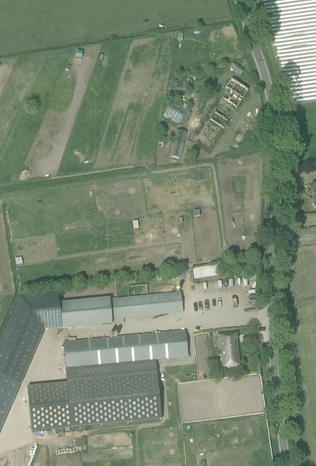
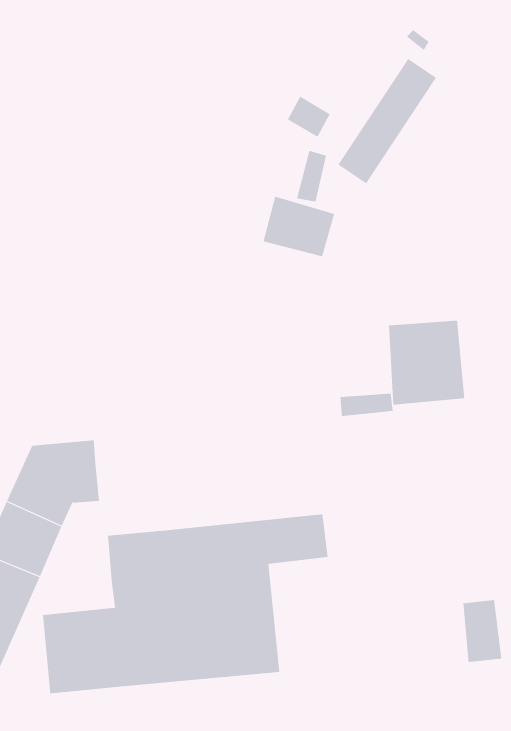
building: none -> [263,196,335,257]
building: none -> [388,320,465,405]
building: [59,291,183,326] -> none
building: [218,331,240,366] -> [462,600,502,663]

